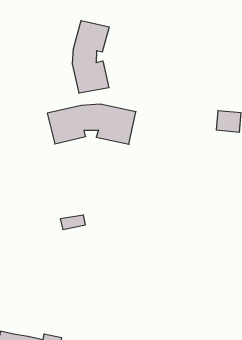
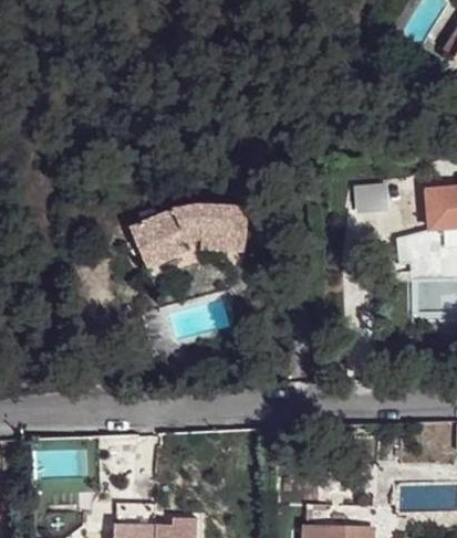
building: [72,20,109,93] -> none

